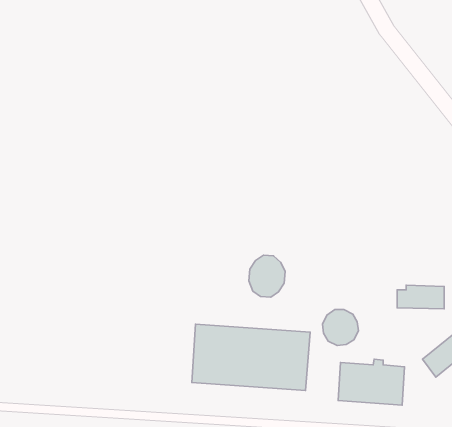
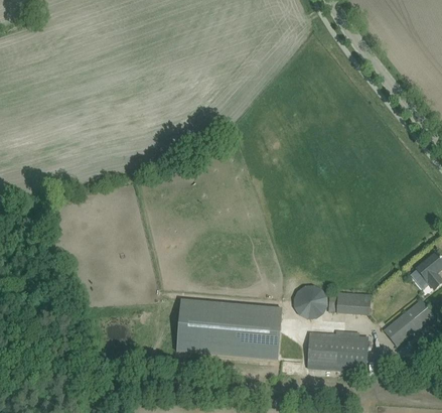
building: [249,255,285,297] -> none
building: [397,285,444,309] -> [328,292,371,313]

